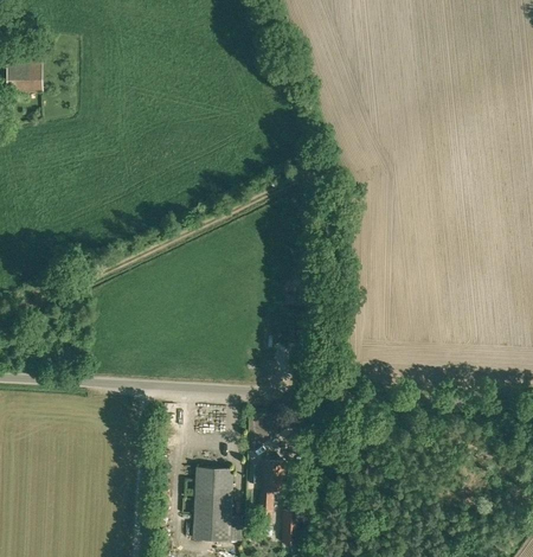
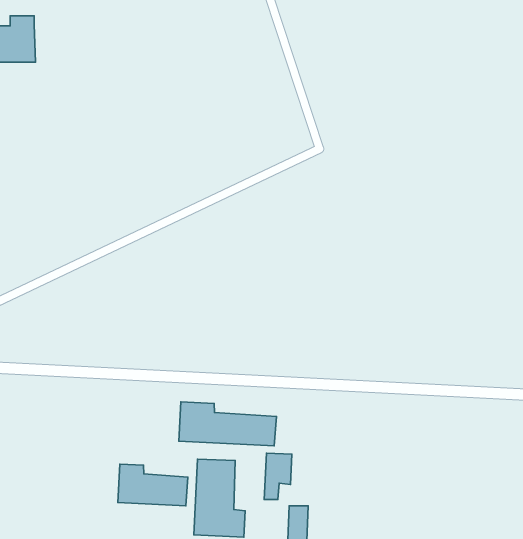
building: none -> [179,402,277,446]
building: none -> [118,464,188,506]

